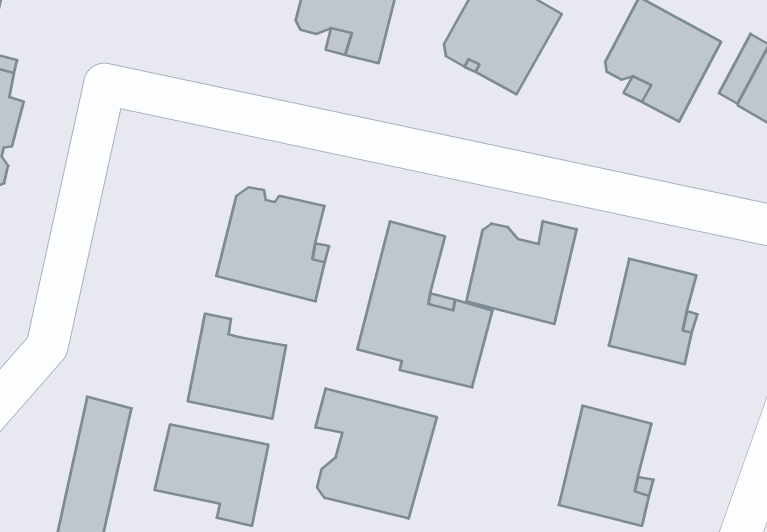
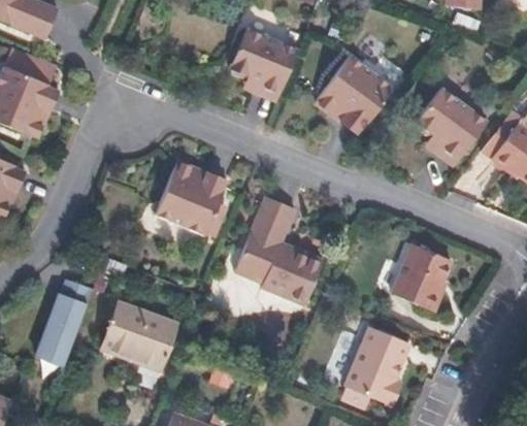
building: [467,221,577,324] -> none
building: [188,314,286,419] -> none
building: [316,388,437,519] -> none

